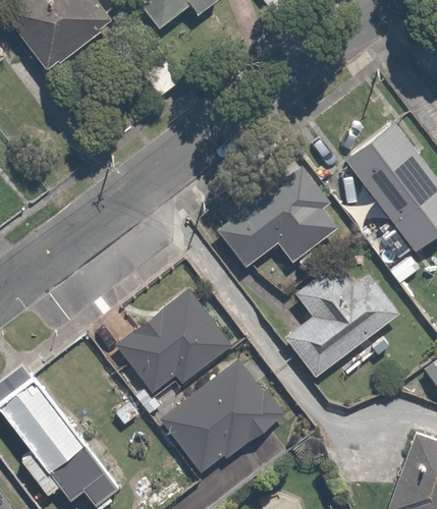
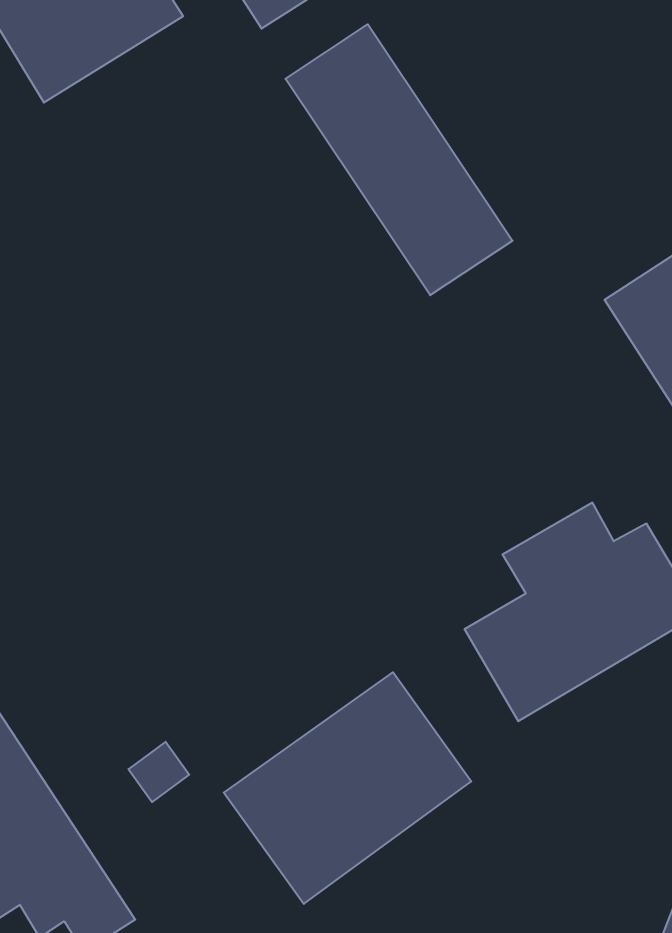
building: none -> [285,24,513,295]
building: [214,166,334,268] -> none
building: [120,287,238,390] -> none

